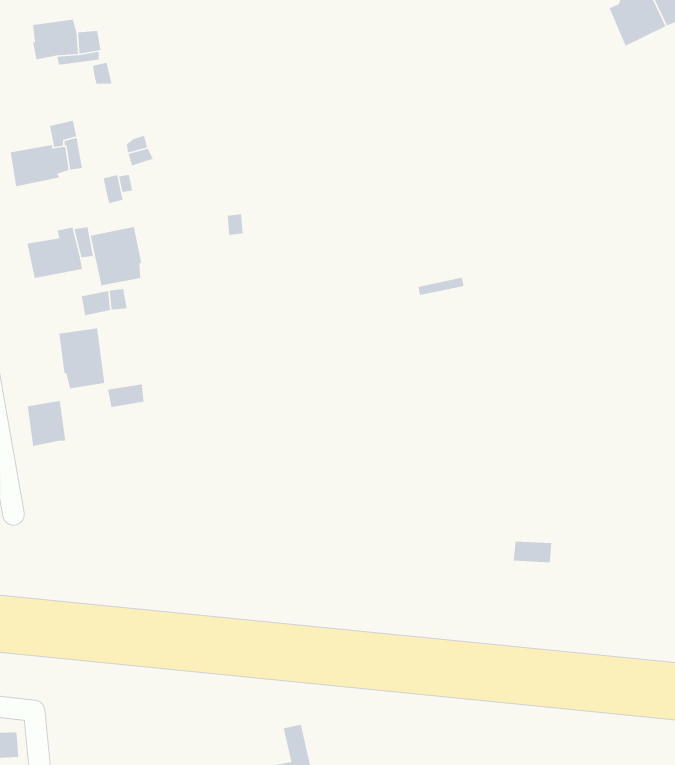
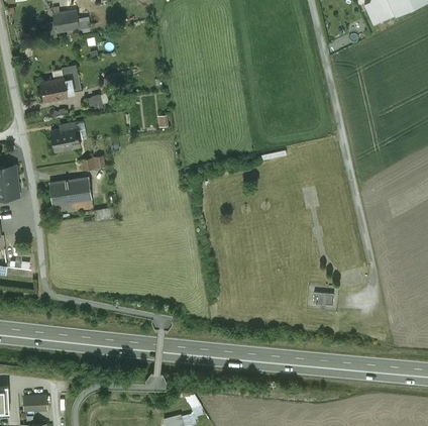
building: [90,226,142,286] -> none
building: [27,400,66,447] -> [48,181,70,206]

